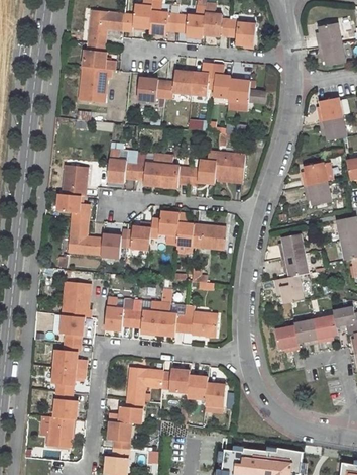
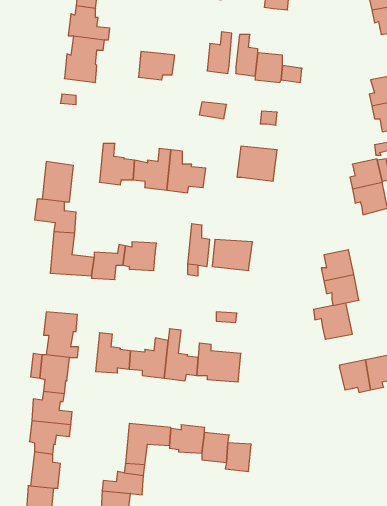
building: [163,70,193,98] -> none
building: [188,152,217,185] -> none
building: [150,211,178,236] -> none
building: [274,324,299,350] -> none

